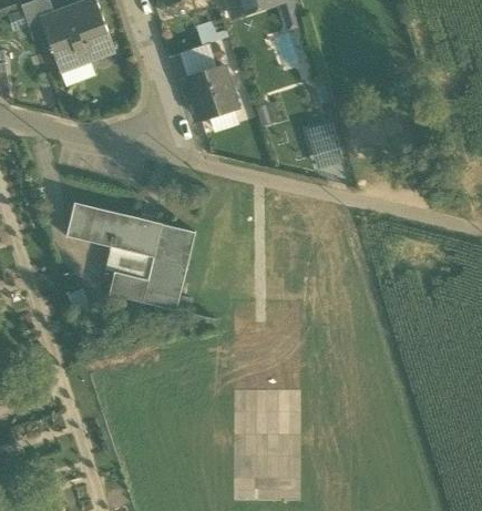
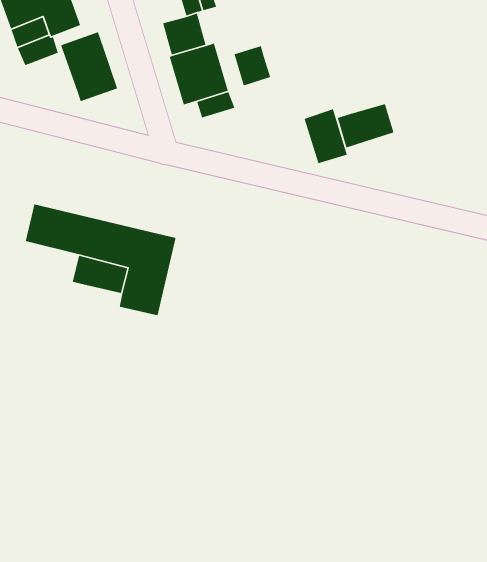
building: none -> [60,31,118,102]
building: none -> [233,45,271,86]
building: none -> [337,103,395,148]
building: [109,269,178,308] -> none

